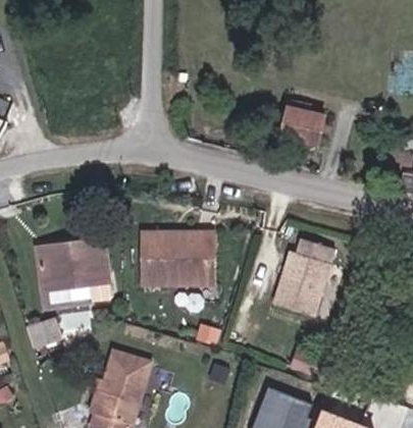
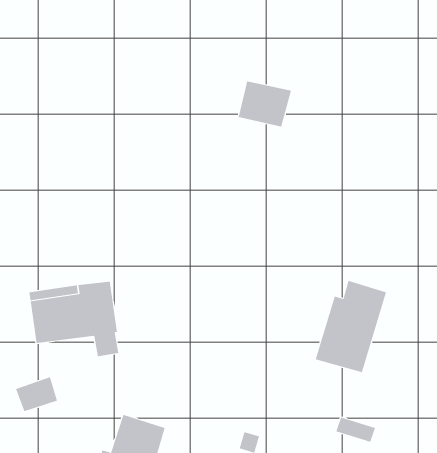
building: [279,107,324,146] -> [238,81,292,127]
building: [143,235,213,284] -> none

